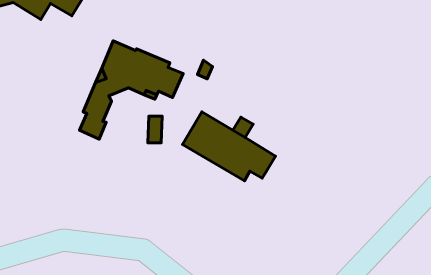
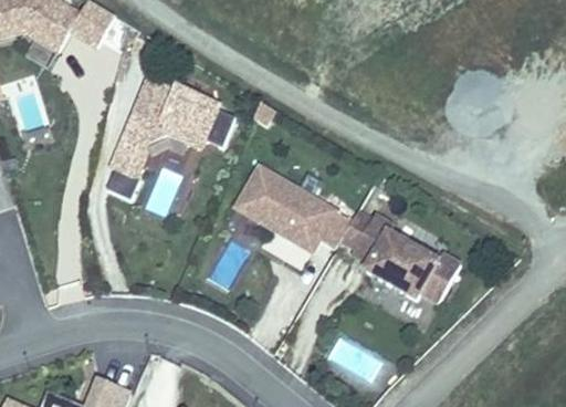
building: none -> [339,210,460,303]

